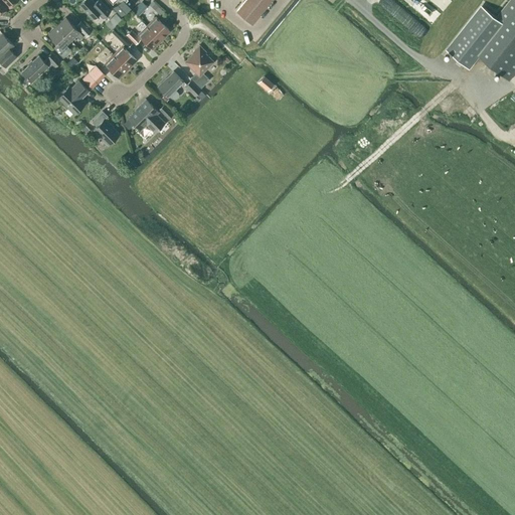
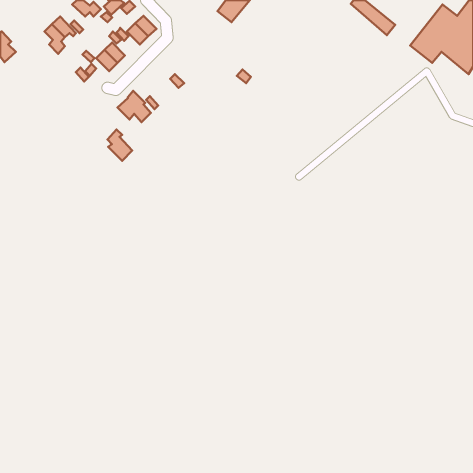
building: [185,45,213,88] -> none
building: [21,52,60,82] -> none
building: [158,71,183,100] -> none
building: [57,80,89,114] -> none
building: [92,111,119,145] -> [107,129,132,161]

